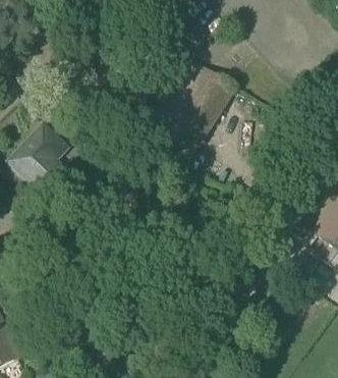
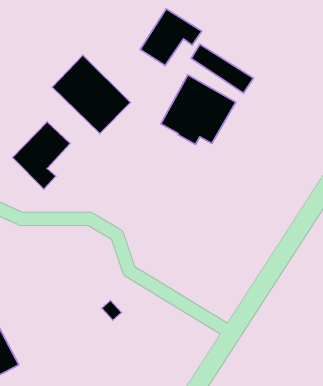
building: none -> [140,9,202,66]
building: none -> [52,55,130,134]

